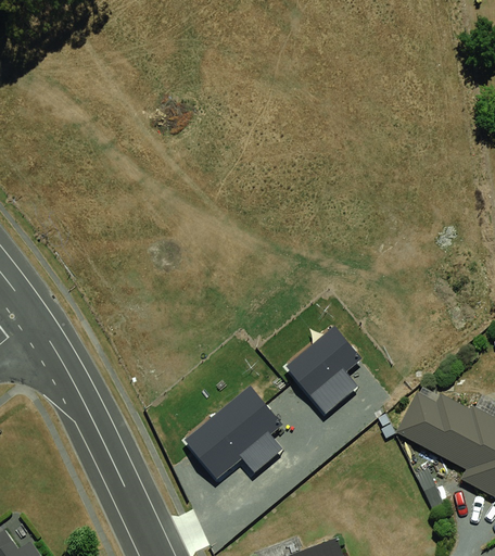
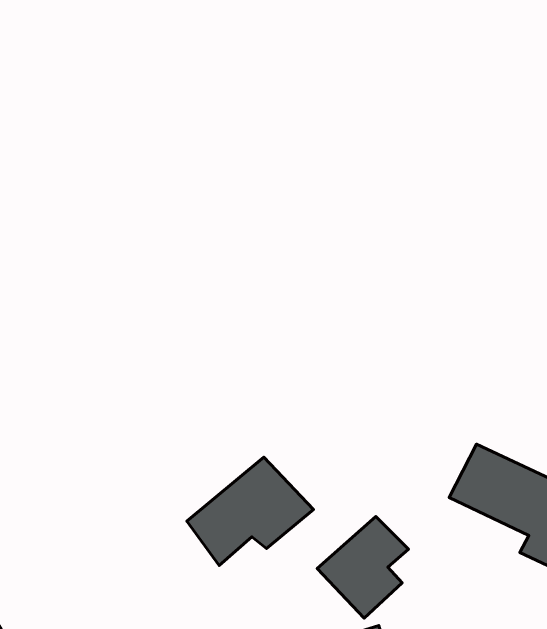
building: [283,329,359,414] -> [317,516,409,618]

